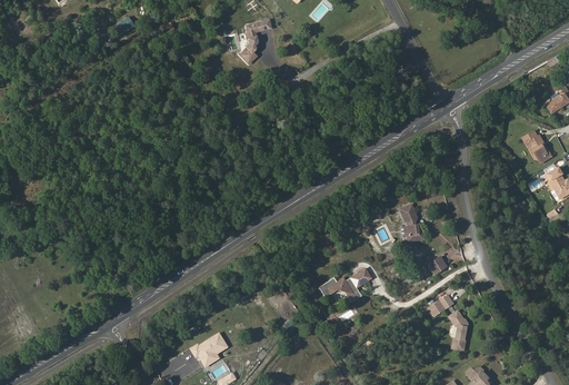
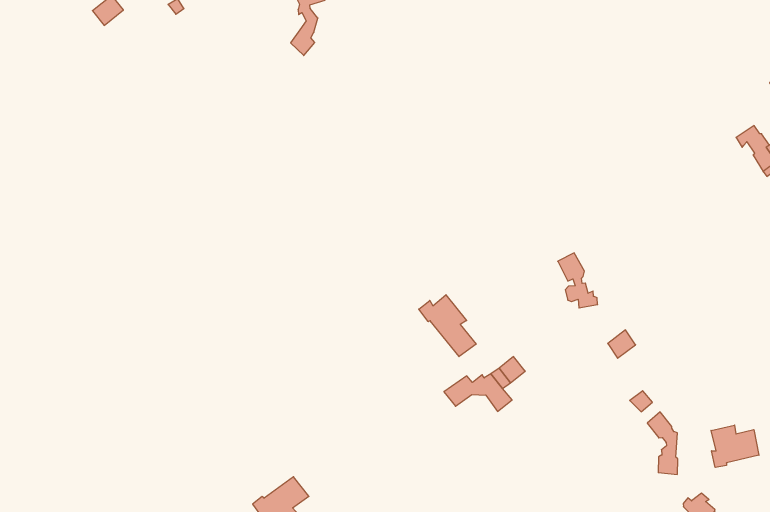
building: none -> [419,295,476,357]
building: none -> [711,425,759,467]

